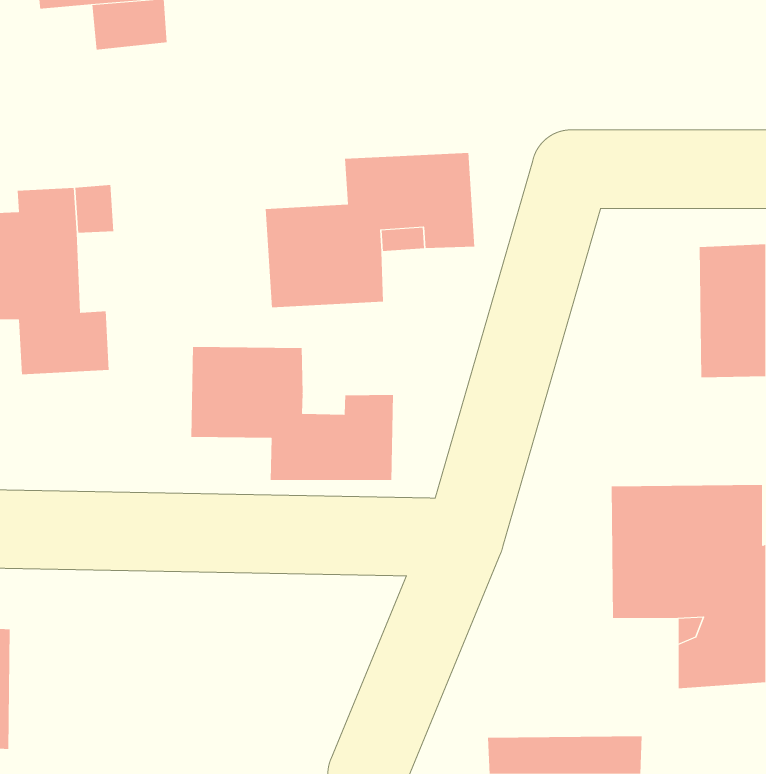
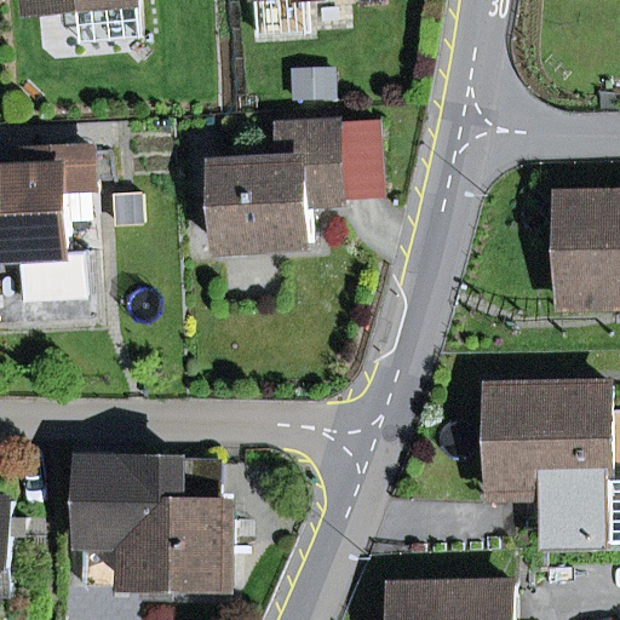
building: [191,346,394,481] -> none
building: none -> [76,458,223,587]

